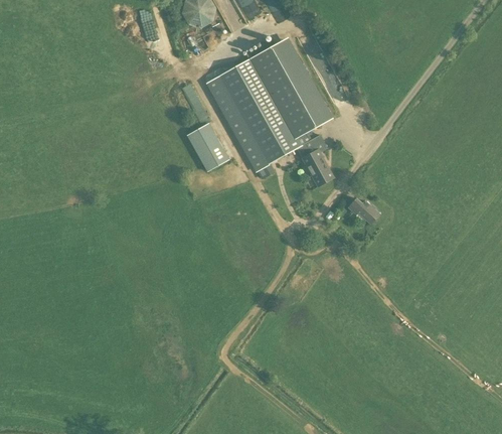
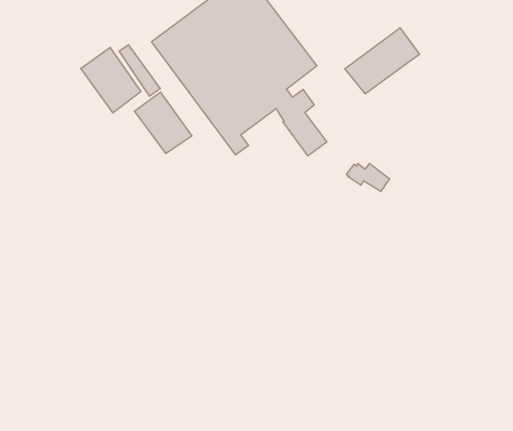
building: none -> [81,47,141,113]
building: none -> [345,28,420,94]

